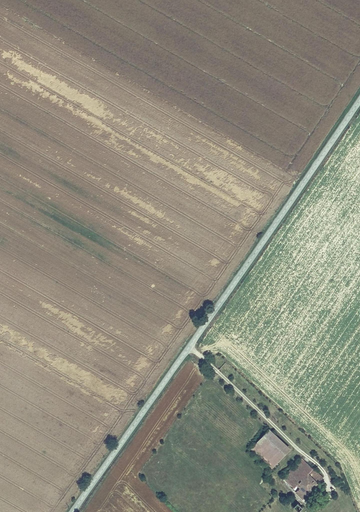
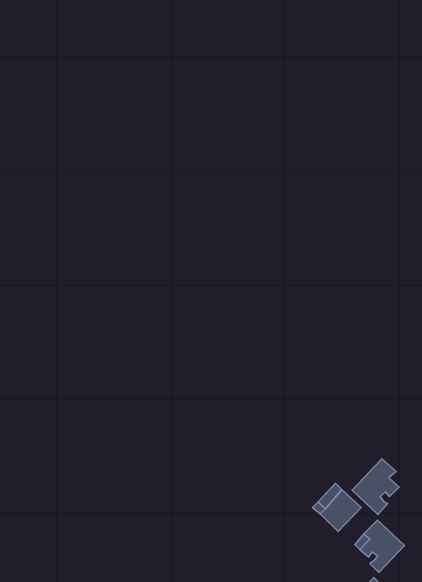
building: none -> [352,459,399,515]

